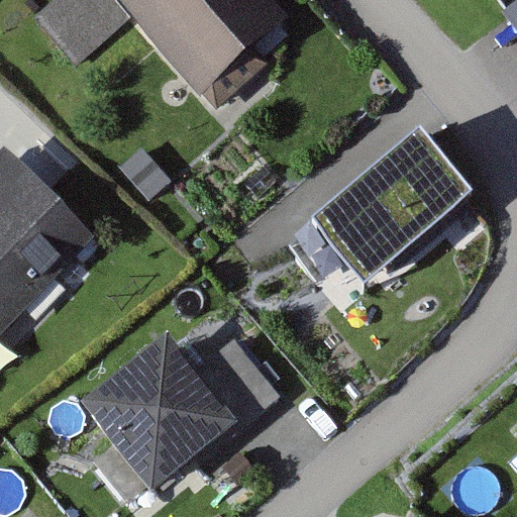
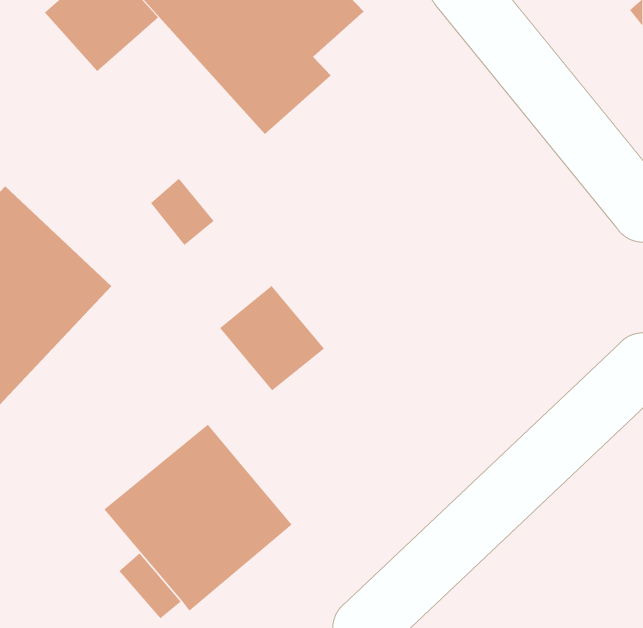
building: [312,131,471,283] -> none
building: [192,335,277,420] -> [219,285,325,391]

